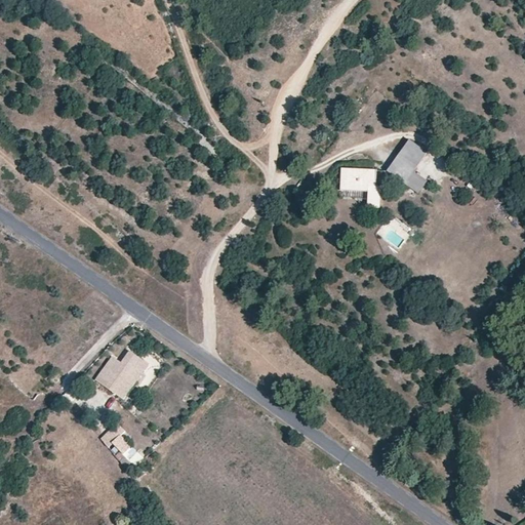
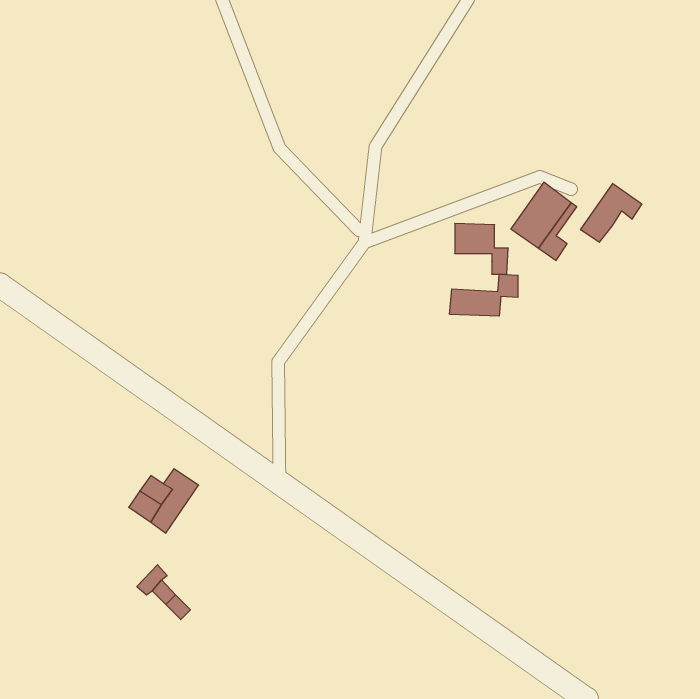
building: none -> [581,183,642,242]
building: none -> [450,274,518,316]

